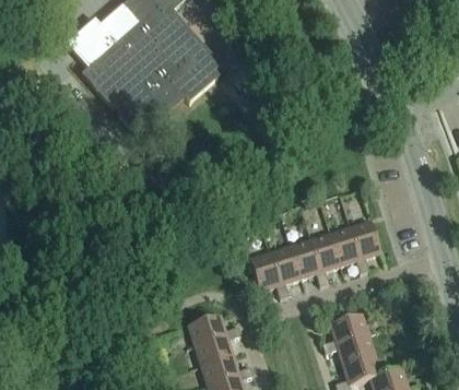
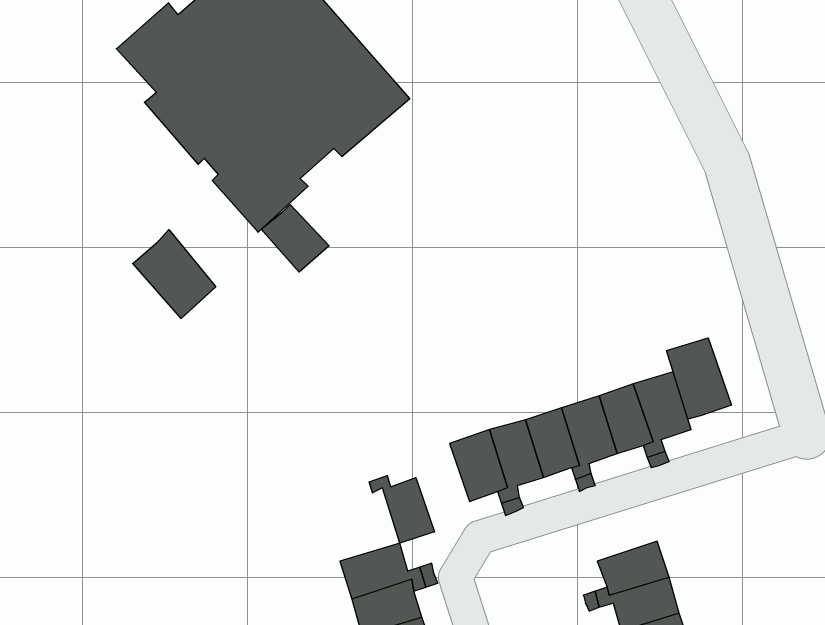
building: none -> [261,205,329,272]
building: none -> [133,230,216,318]
building: none -> [667,338,731,419]
building: none -> [369,476,435,543]

